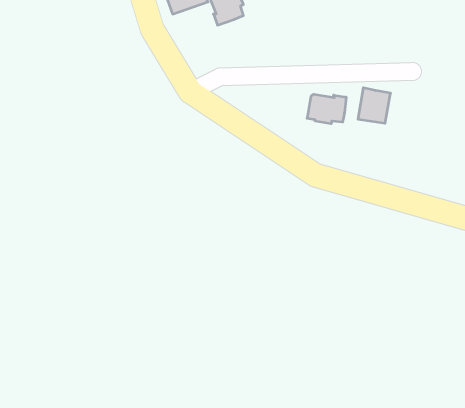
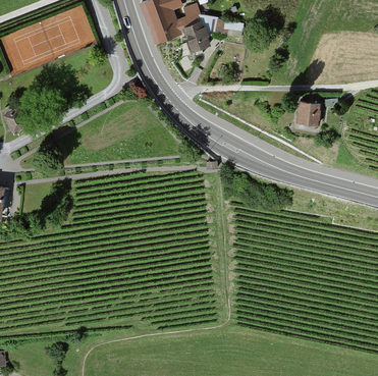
building: [307,94,346,124] -> none

